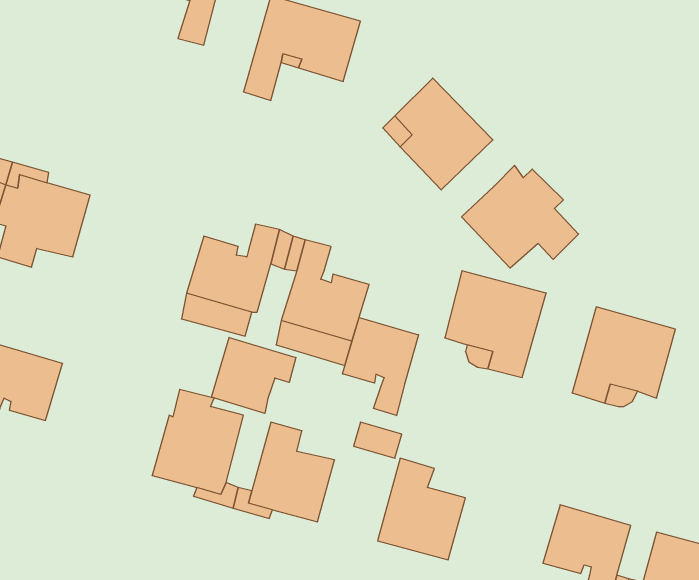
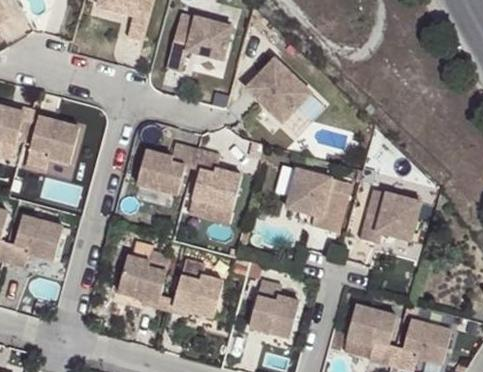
building: [462,165,579,268] -> none
building: [342,317,419,416] -> none
building: [211,337,296,413] -> none

